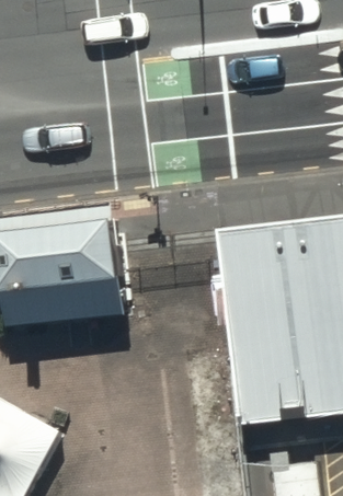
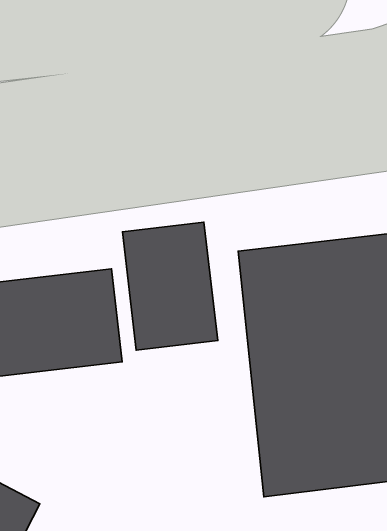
building: none -> [122,222,218,350]

